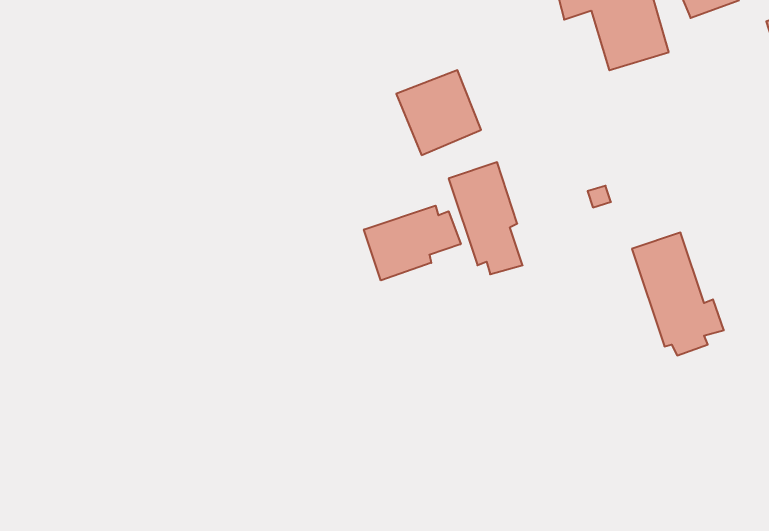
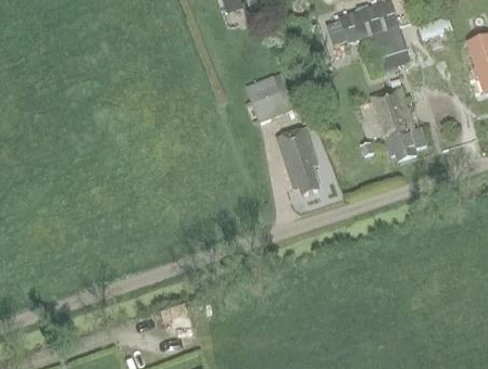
building: [364,206,461,280] -> none
building: [632,233,724,355] -> [372,87,427,161]

